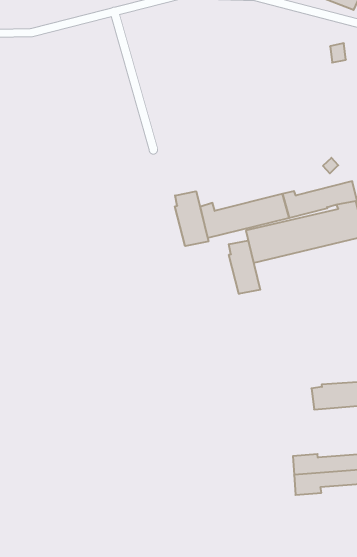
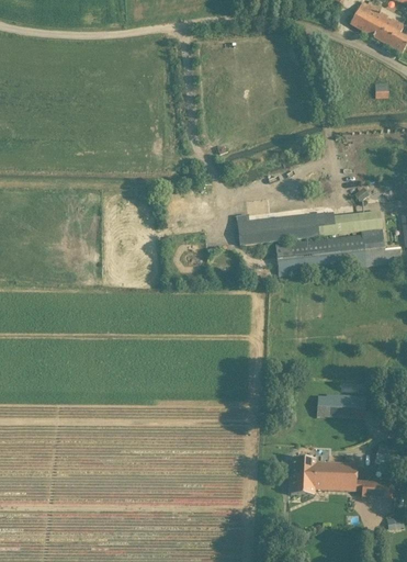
building: [175,191,208,246] -> none
building: [229,240,260,294] -> none

